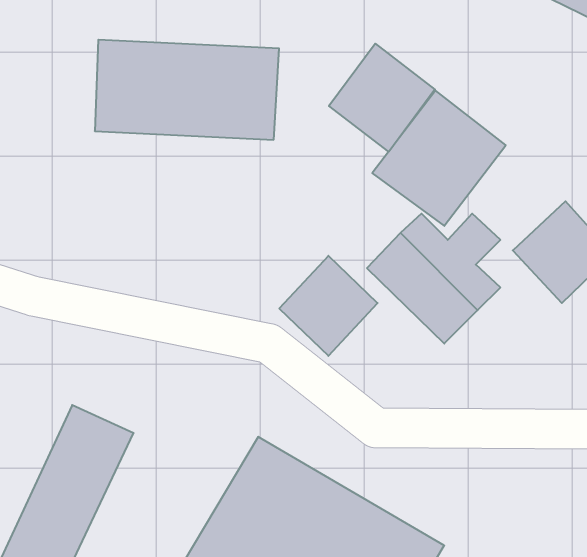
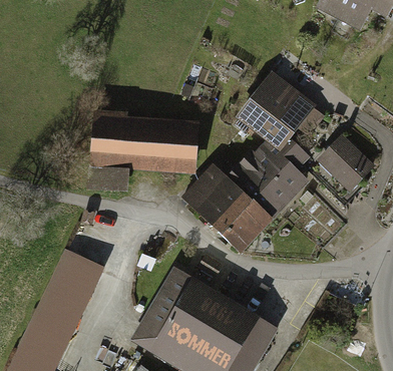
building: [95,40,279,140] -> [90,115,195,172]
building: [329,44,435,152] -> none
building: none -> [213,192,270,249]

